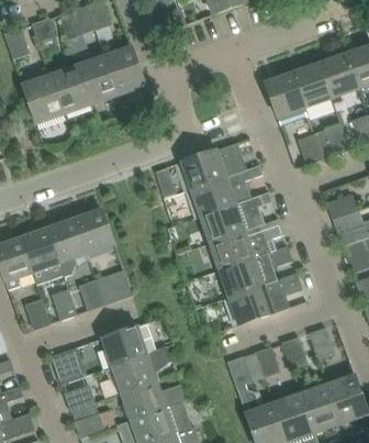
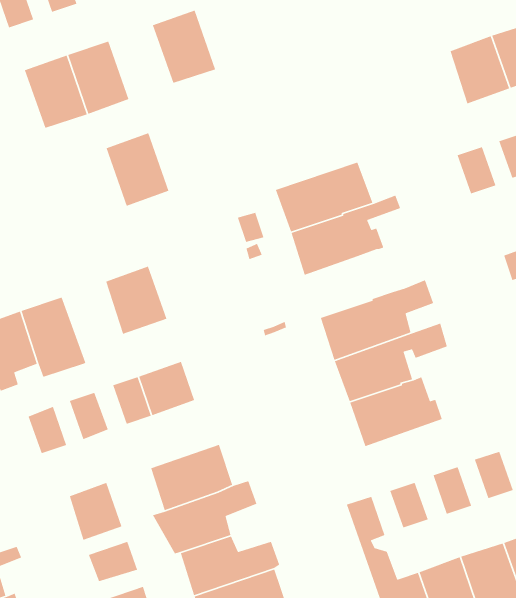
building: [76,56,116,103] -> [105,132,170,207]
building: [265,73,303,115] -> none
building: [200,193,264,242] -> none
building: [46,219,85,275] -> none

